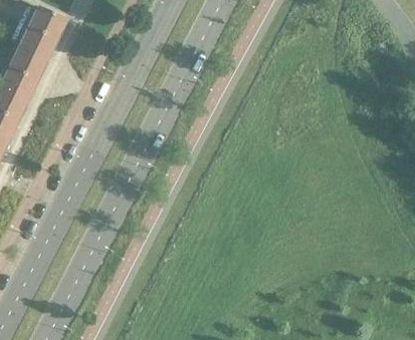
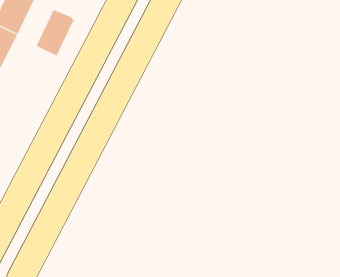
building: none -> [36,9,74,56]

